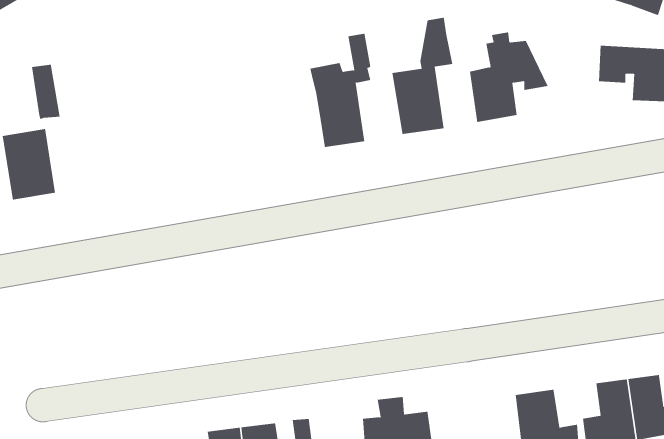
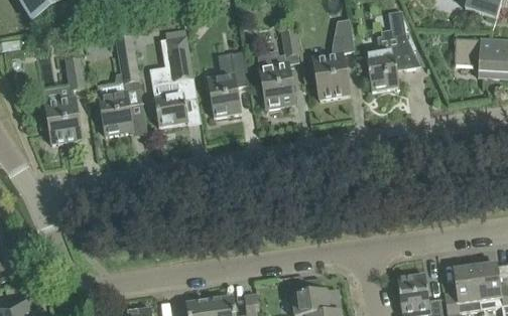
building: none -> [152,30,196,126]
building: none -> [97,35,142,135]
building: none -> [207,50,250,117]

